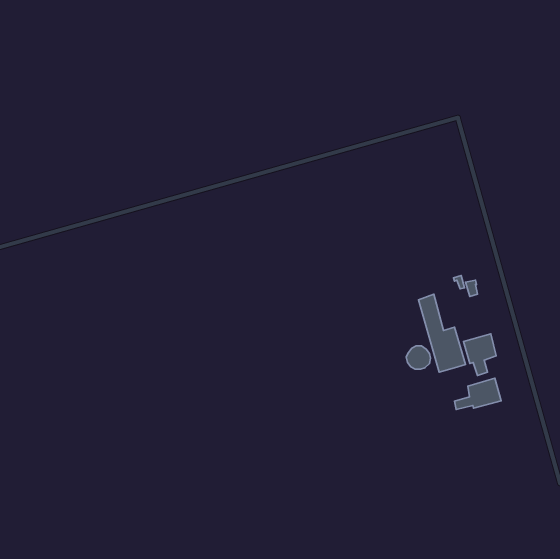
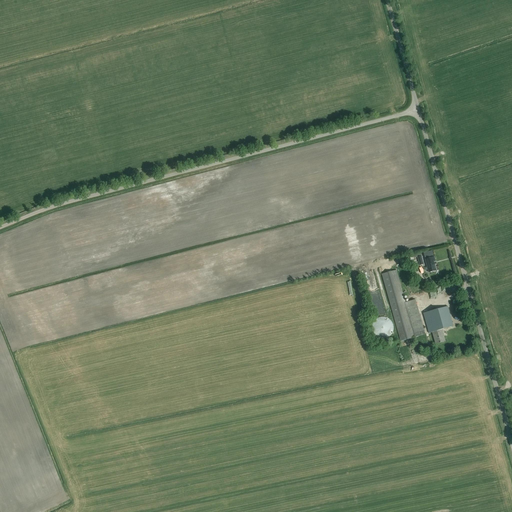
building: [454,378,501,410] -> none

